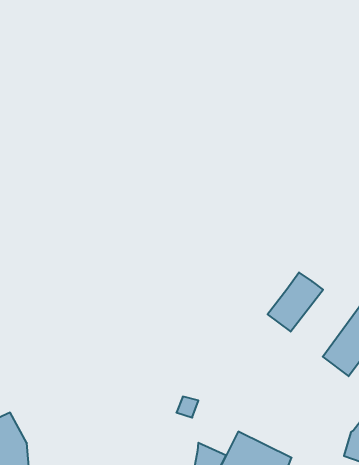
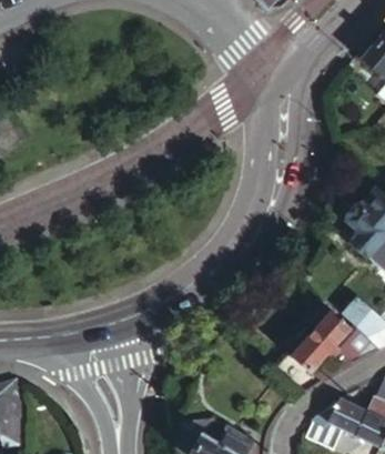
building: [268,272,323,332] -> none

